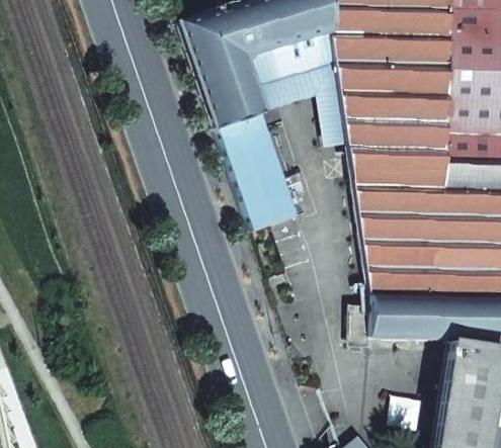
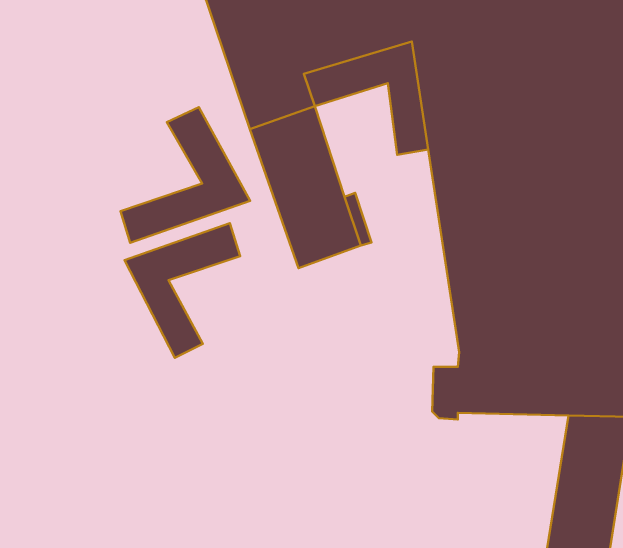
building: none -> [120,107,250,243]
building: none -> [124,223,240,358]

